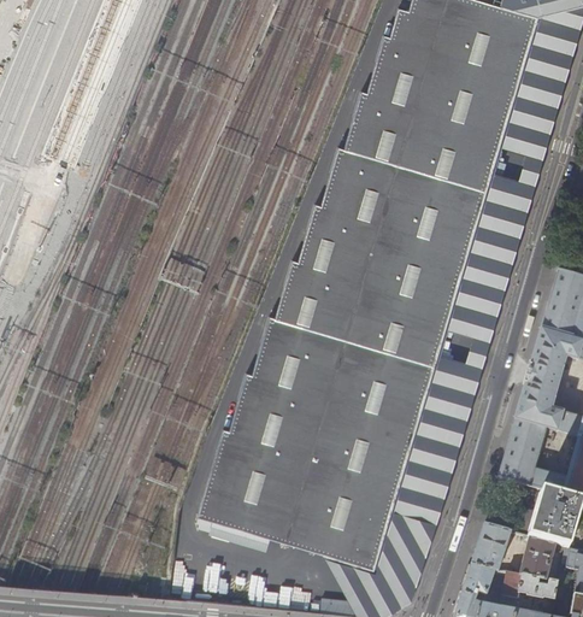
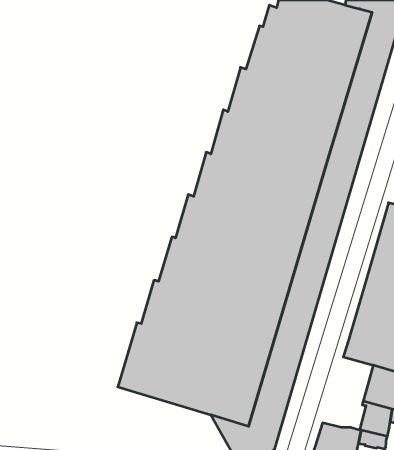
building: [473,524,513,571] -> none

